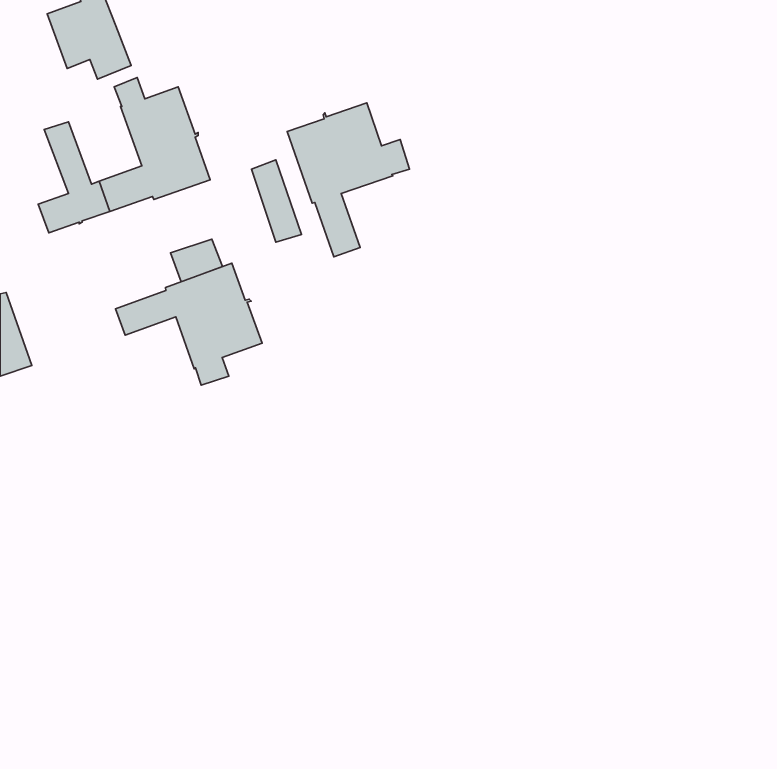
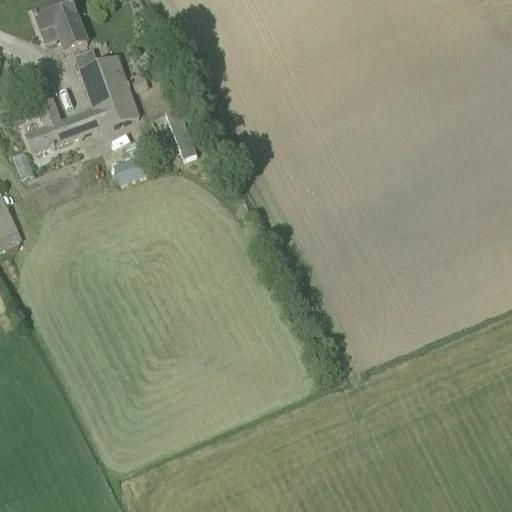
building: [287,103,409,257] -> none
building: [115,263,262,385] -> none

